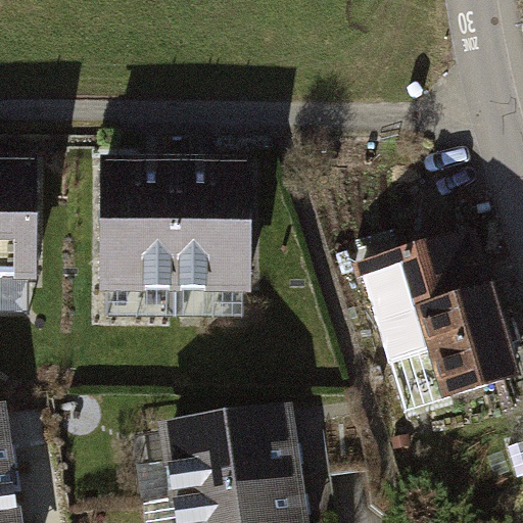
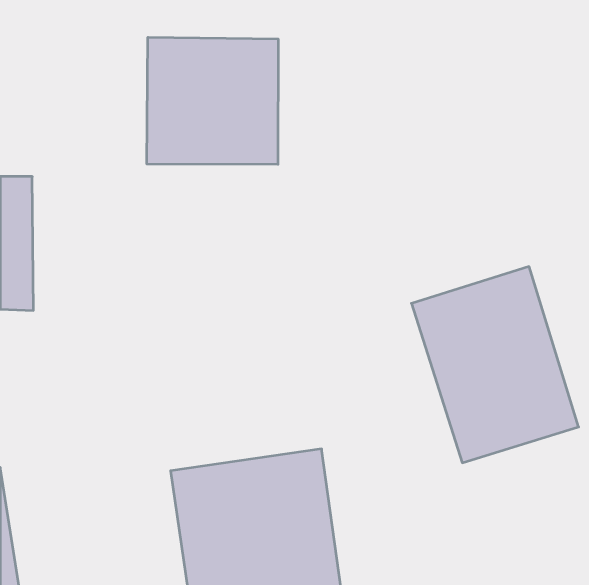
building: none -> [147,37,278,164]
building: [106,159,250,292] -> none

